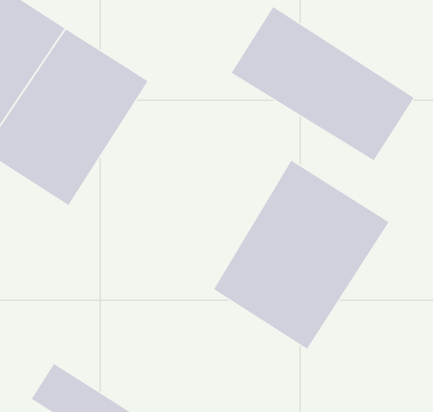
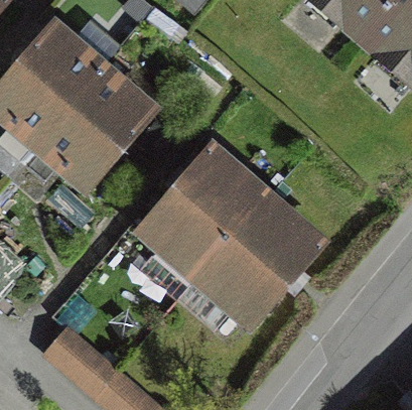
building: [231,6,414,161] -> none
building: none -> [135,143,260,275]

